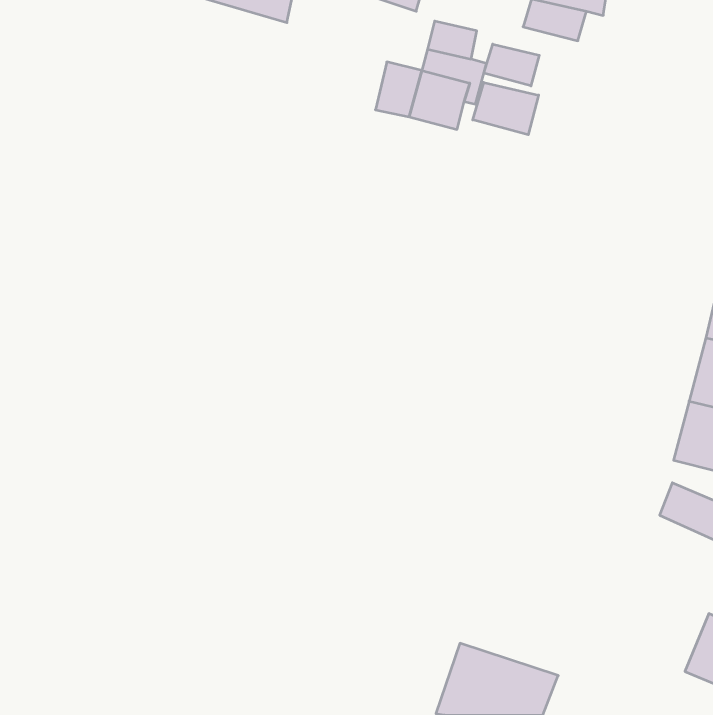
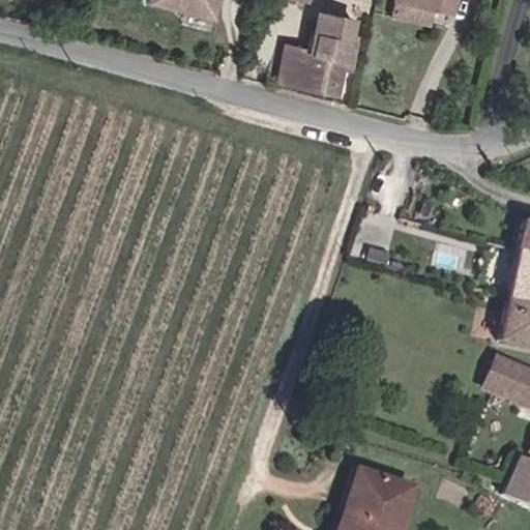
building: [484,44,539,86] -> none
building: [473,82,539,135] -> none

